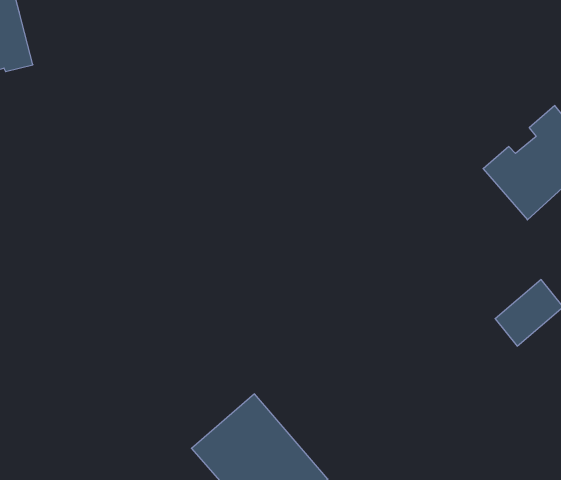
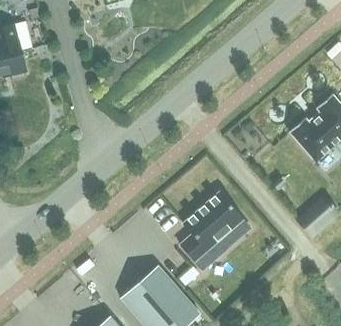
building: none -> [180,193,243,271]

